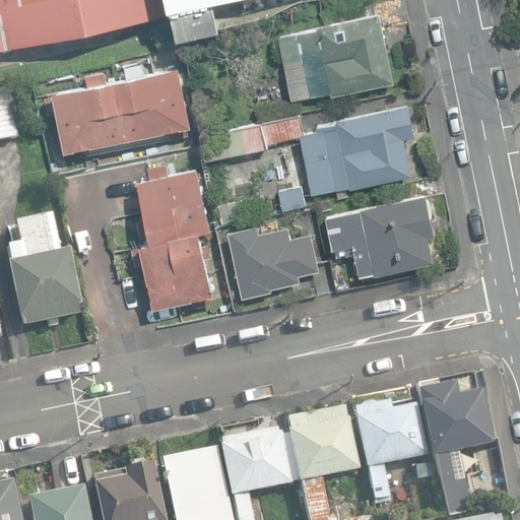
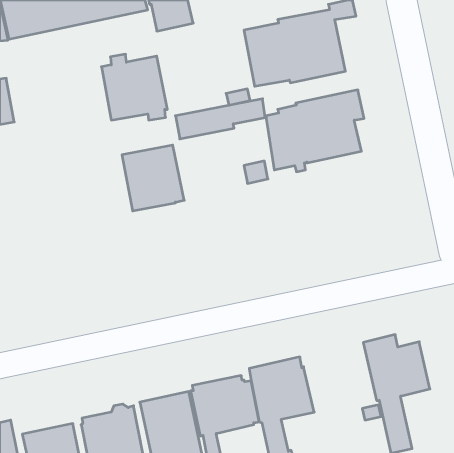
building: [53,72,127,151] -> none
building: [326,195,435,277] -> none
building: [6,218,79,330] -> none
building: [228,225,318,299] -> none
building: [140,234,212,308] -> none
building: [351,403,425,502] -> none

